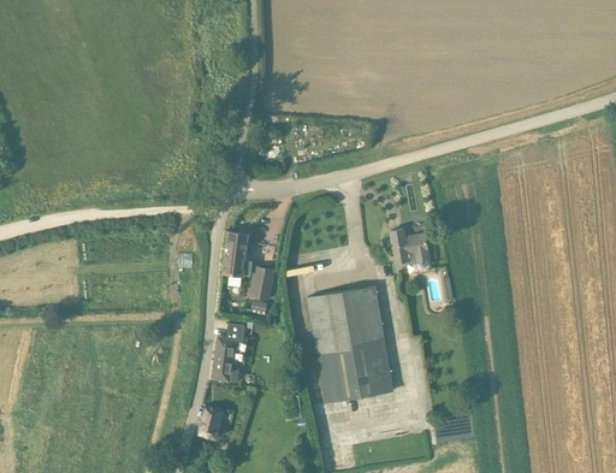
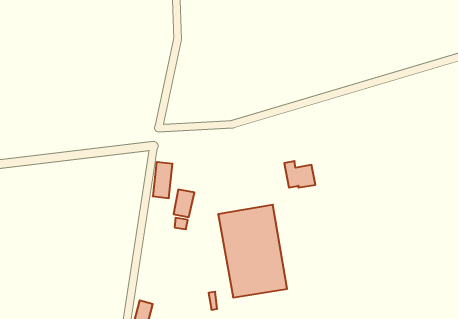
building: [213,324,247,382] -> none

